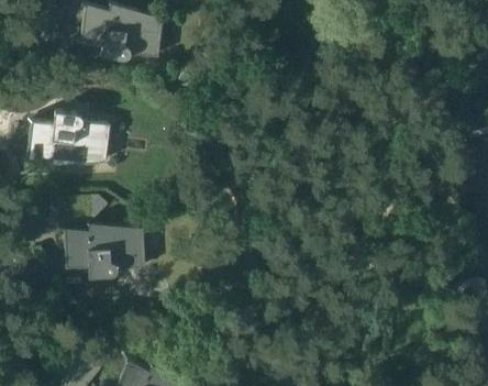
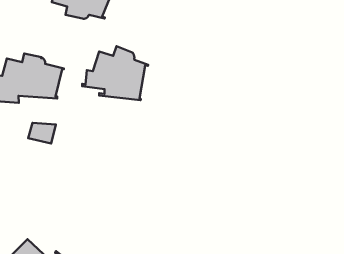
building: none -> [82,46,148,100]
building: [59,223,145,278] -> none

